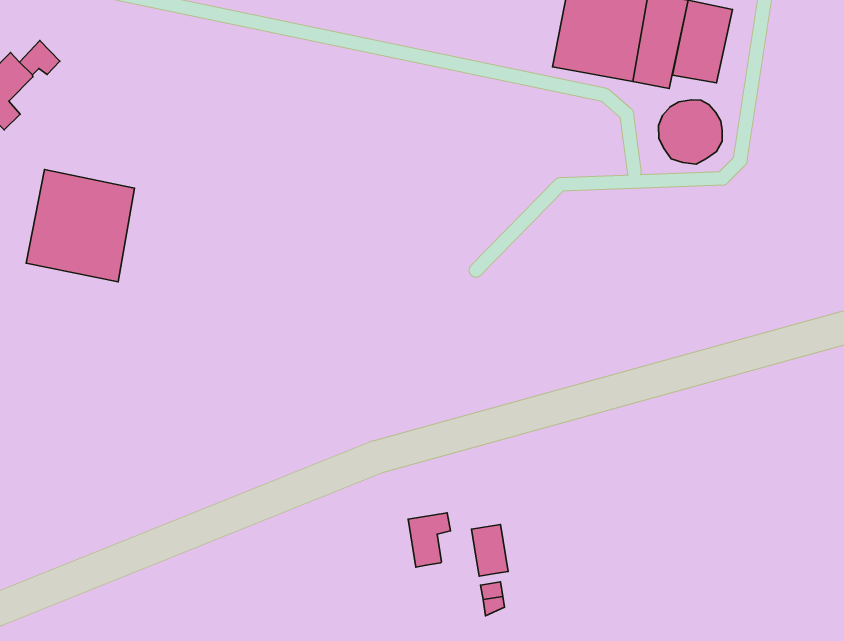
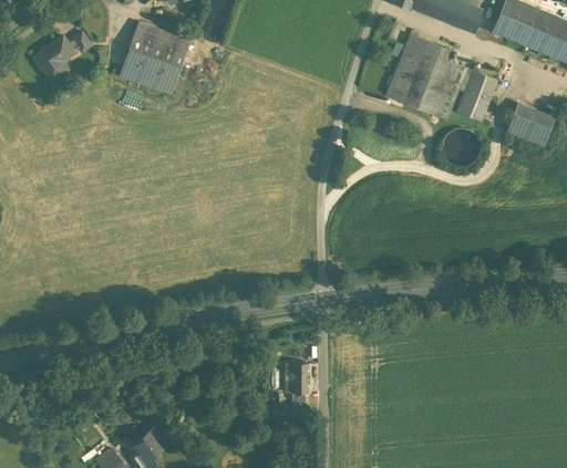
building: none -> [506,106,554,146]
building: [26,169,135,282] -> [118,21,190,95]
building: [408,513,450,567] -> none

